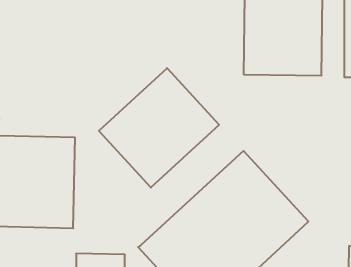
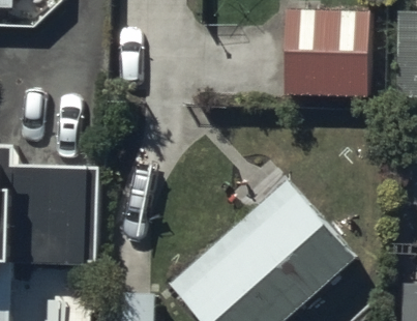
building: [99,68,219,188] -> none

